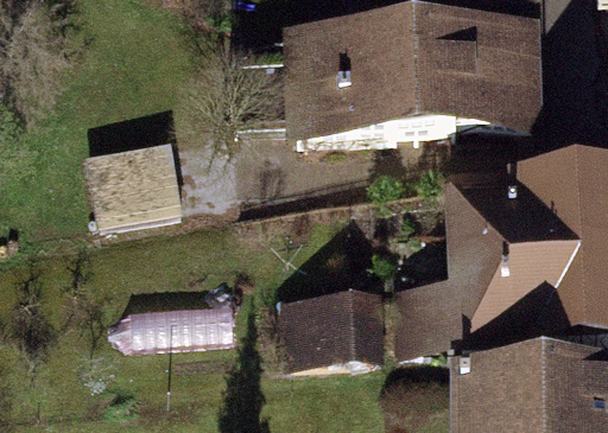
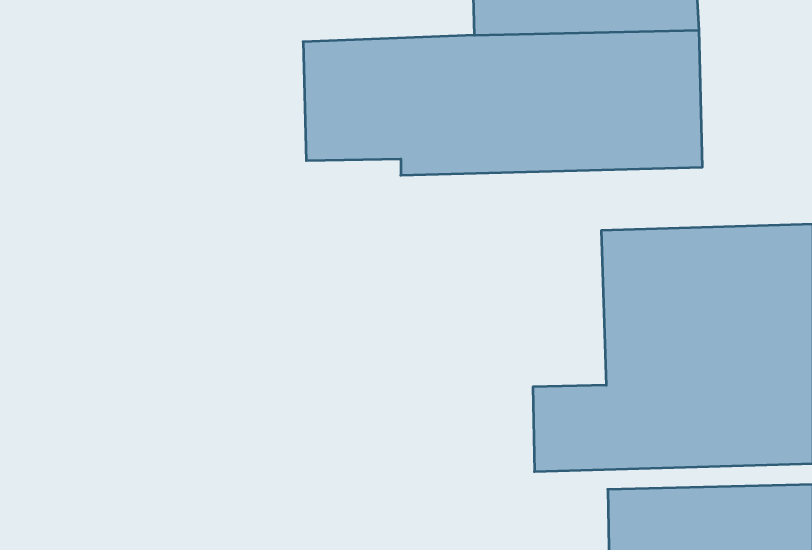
building: [97,136,189,216] -> none
building: [283,295,391,369] -> none

